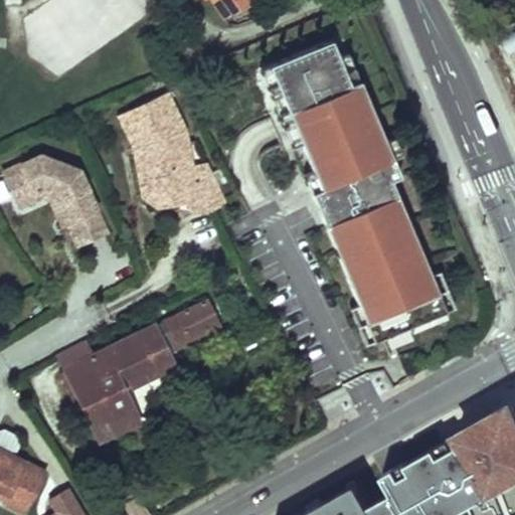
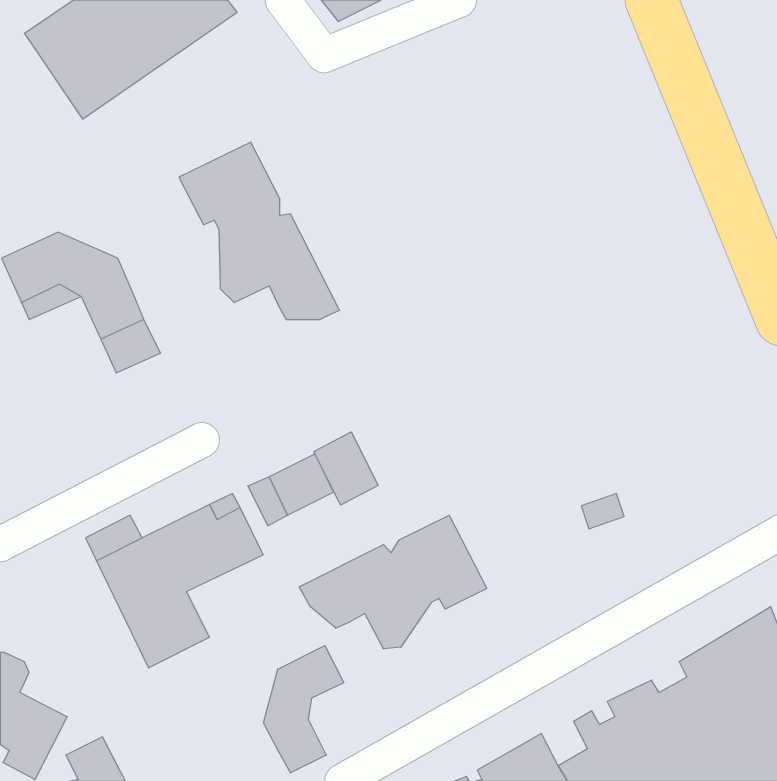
building: [274,44,439,330] -> none
building: [137,145,186,216] -> none
building: none -> [314,432,378,505]
building: none -> [299,515,487,649]
building: none -> [264,646,344,773]

